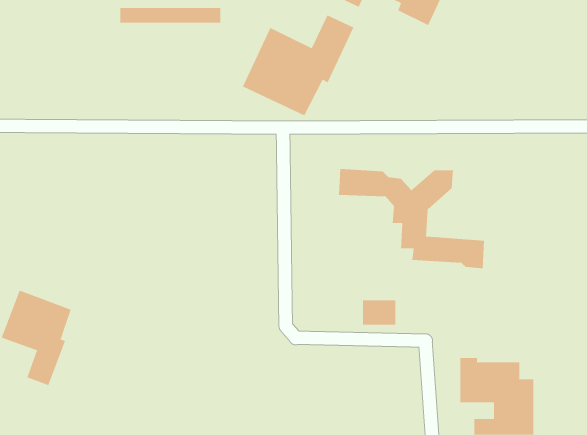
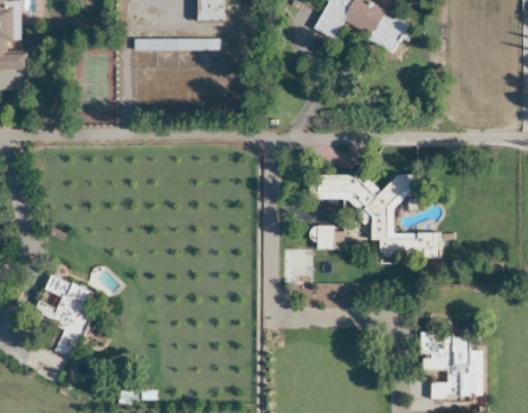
building: [242,14,354,116] -> none
building: [362,300,396,325] -> [315,226,343,247]

